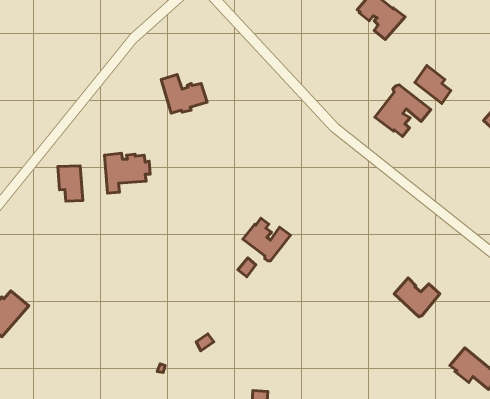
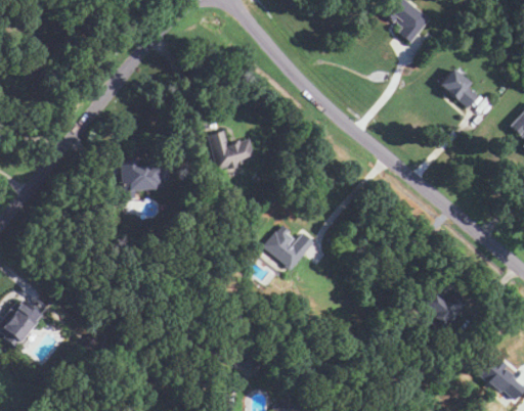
building: [161,74,207,113] -> [208,130,255,170]
building: [375,85,431,137] -> none
building: [58,166,83,201] -> none

